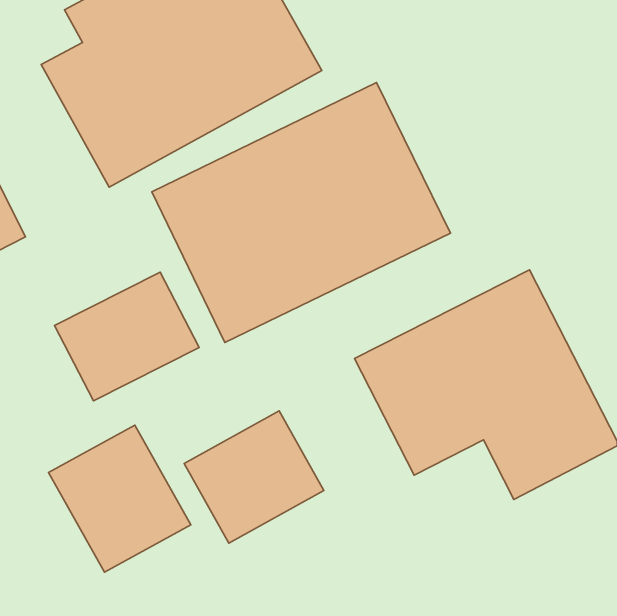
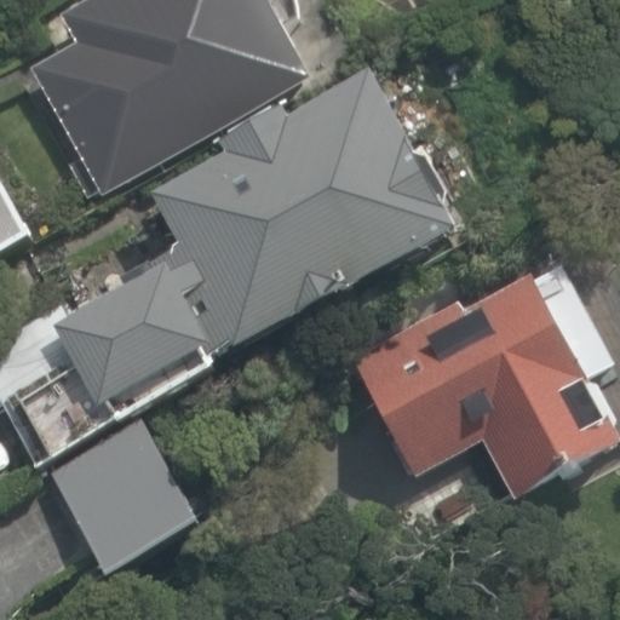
building: [184,411,324,543] -> none

